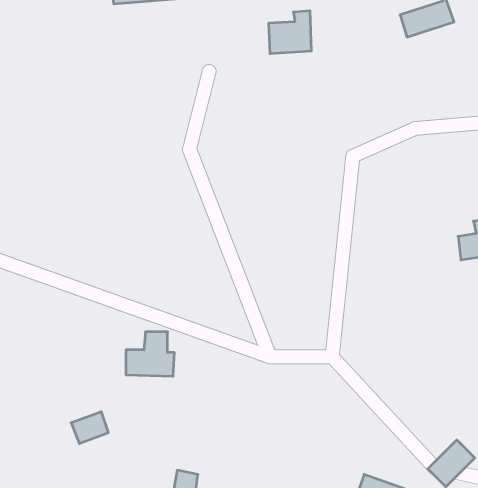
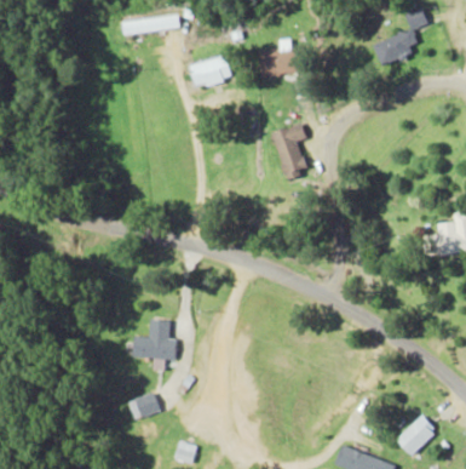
building: none -> [189,55,231,88]
building: none -> [274,124,306,176]
building: [71,412,108,444] -> [127,393,160,421]

